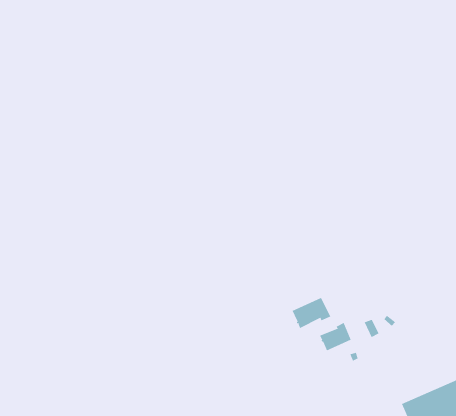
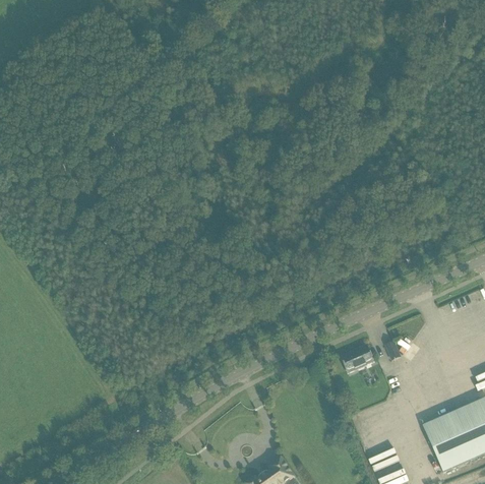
building: [292,297,331,329] -> none

